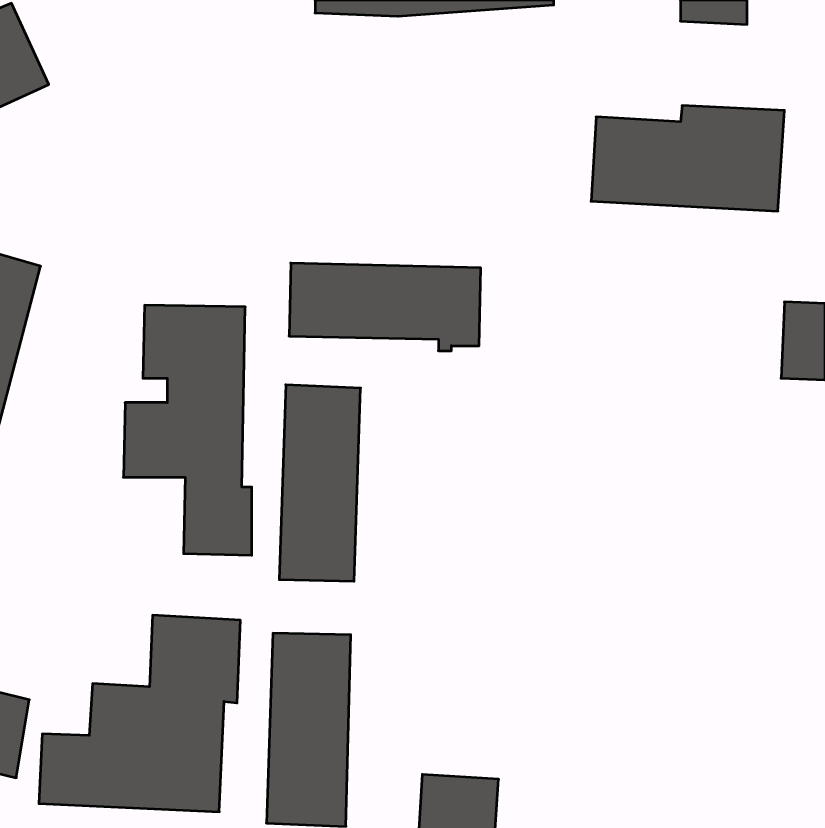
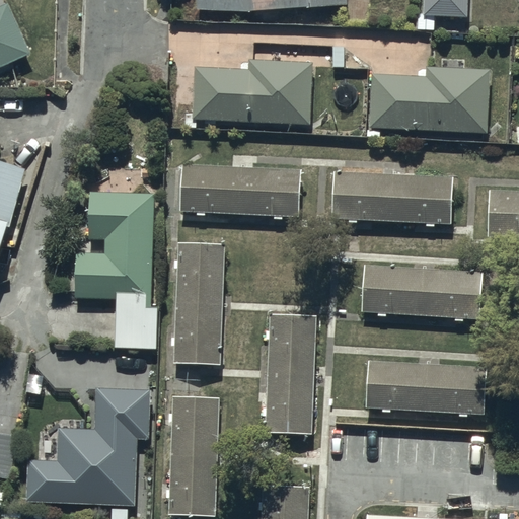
building: none -> [193,61,312,123]
building: none -> [332,171,451,224]
building: none -> [362,266,481,320]
building: none -> [267,313,314,433]
building: none -> [366,361,487,413]

